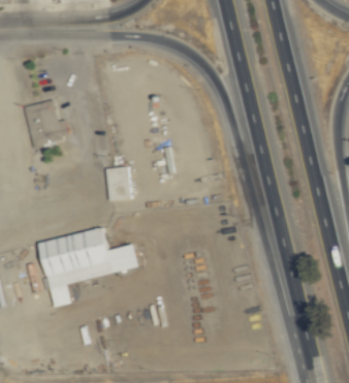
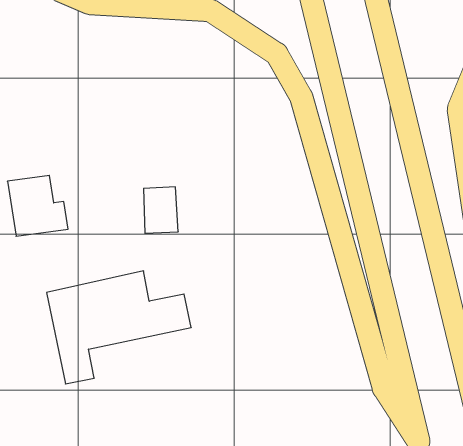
building: [24,101,67,145] -> [7,175,68,236]

